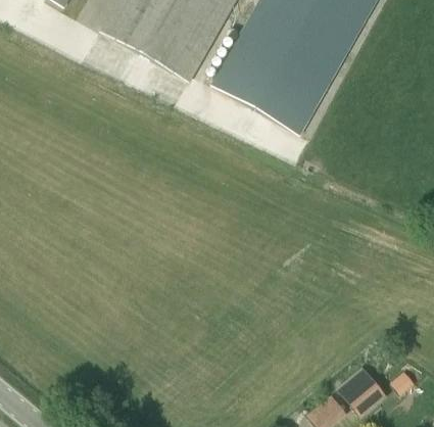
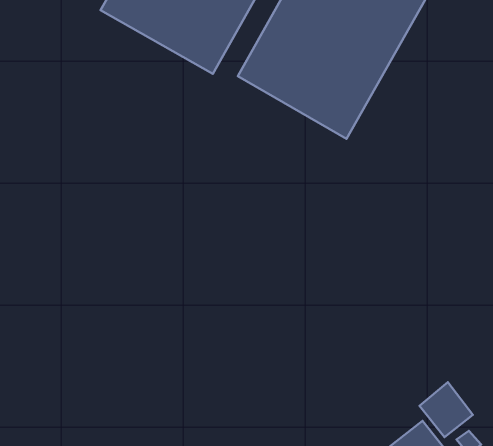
building: none -> [419,382,473,437]

